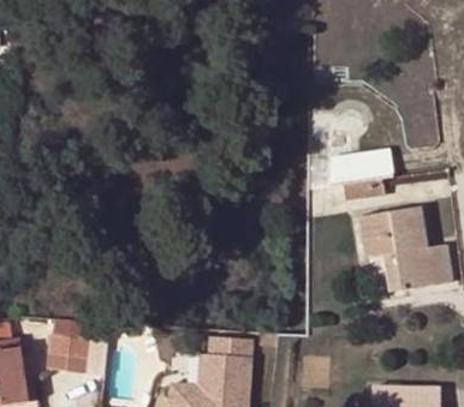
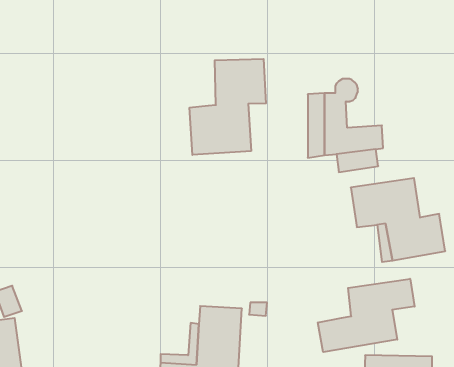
building: none -> [190,59,266,155]
building: none -> [318,279,415,352]
building: [47,335,88,372] -> none

